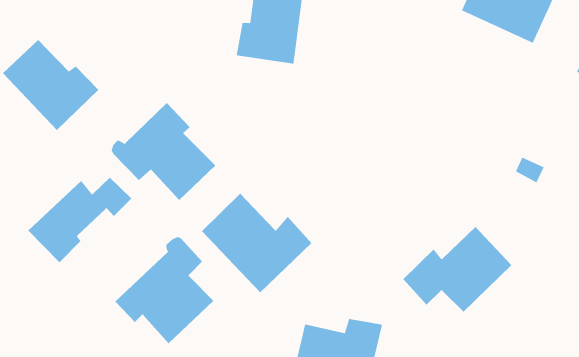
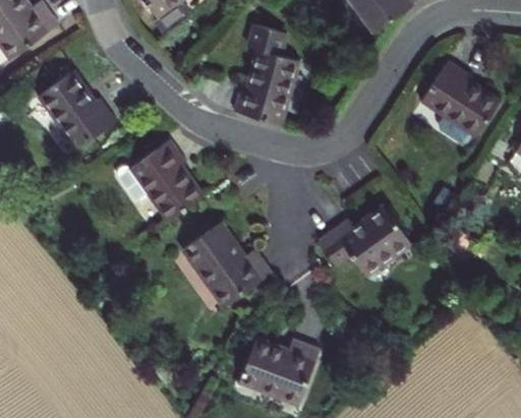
building: [28,177,132,263] -> none
building: [403,226,512,312] -> [319,205,410,275]
building: [114,236,214,344] -> none

